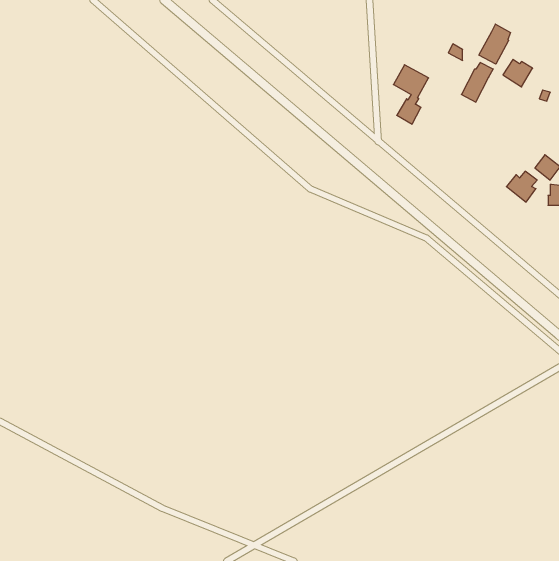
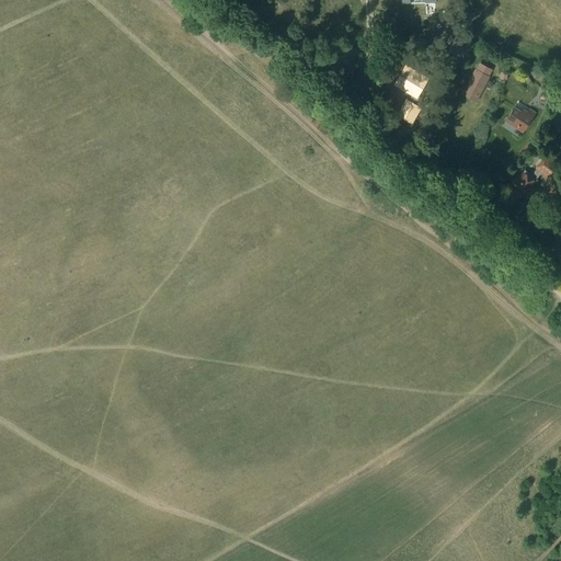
building: [479,24,511,64] -> none
building: [503,59,533,87] -> [505,106,535,134]

